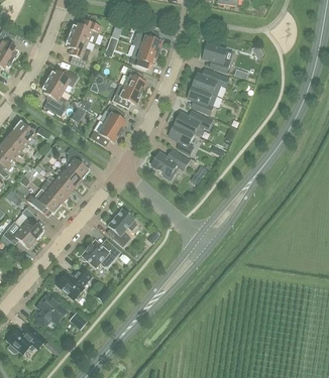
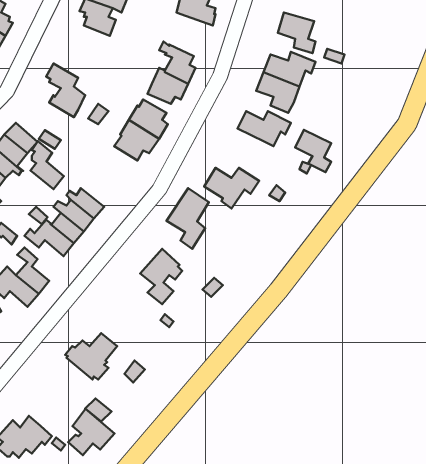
building: [130,44,157,68] -> none
building: [46,69,78,89] -> none
building: [169,124,194,153] -> [295,130,331,172]
building: [66,145,89,178] -> [30,141,64,189]
building: none -> [166,188,209,249]
building: [81,239,119,267] -> none
building: [34,293,67,326] -> [68,409,115,455]

